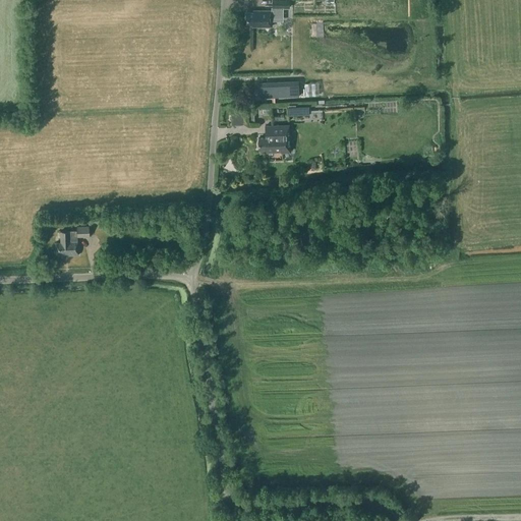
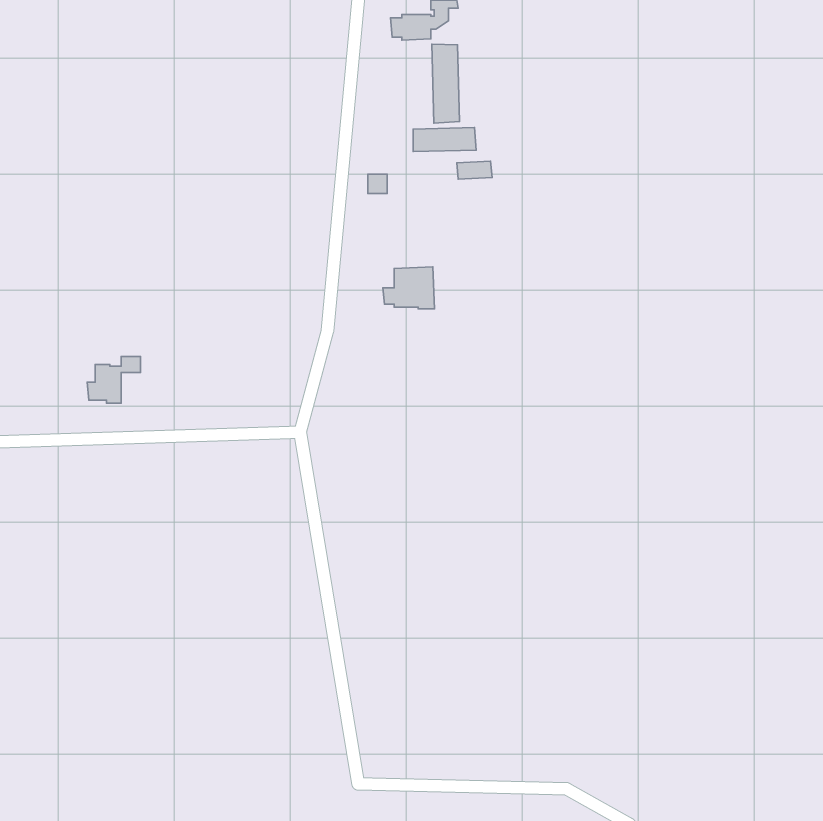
building: none -> [432,44,459,123]
building: [256,128,289,155] -> [383,267,434,309]

